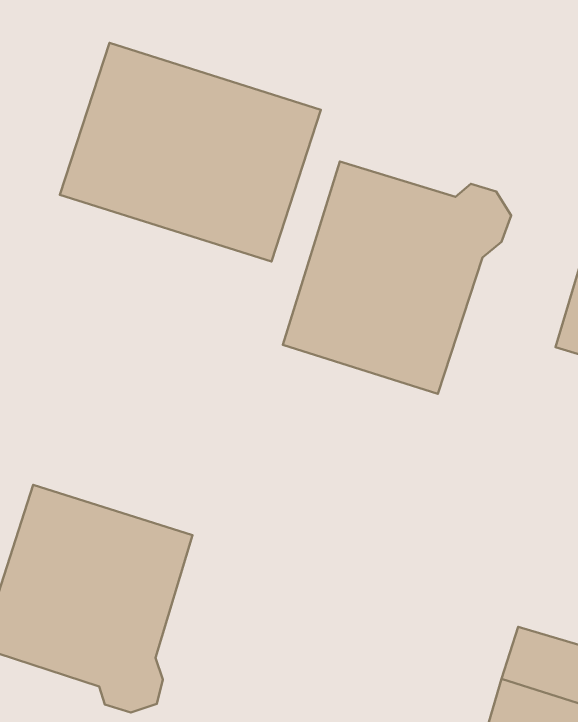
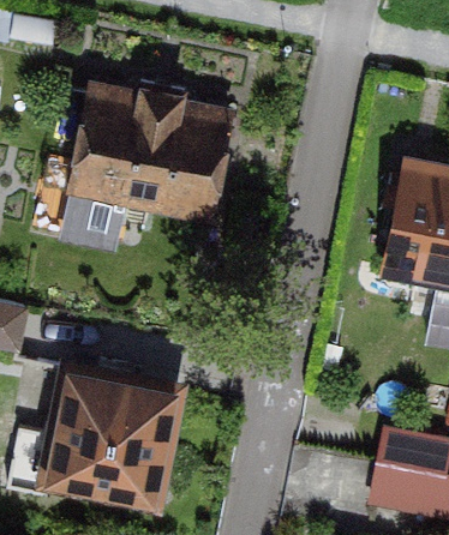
building: [283,161,511,394] -> none

